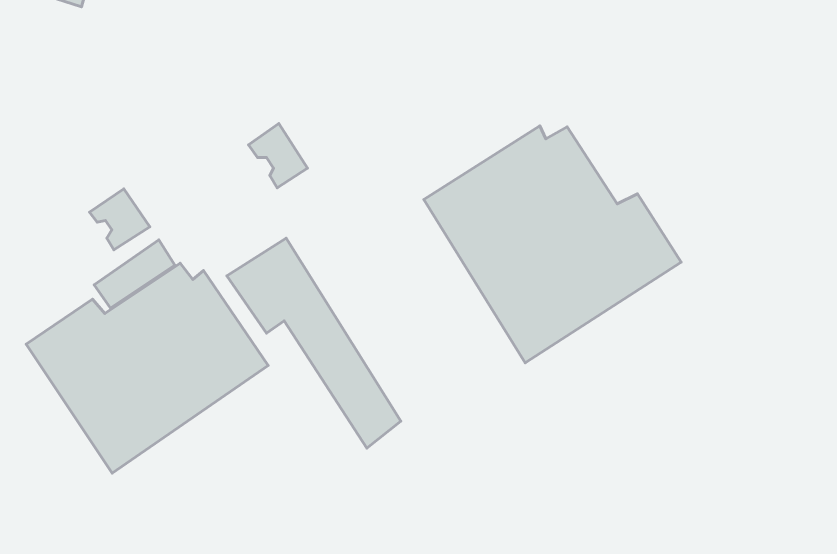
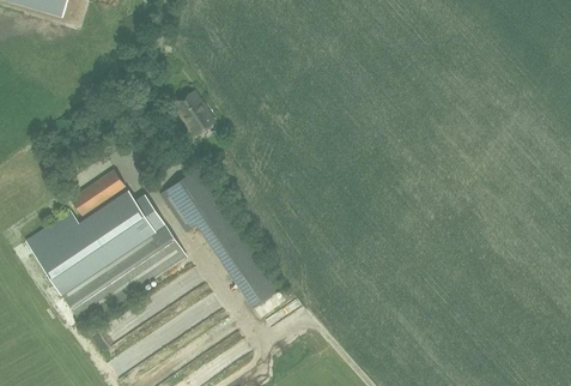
building: [424,126,681,363] -> none
building: [89,189,150,250] -> none

